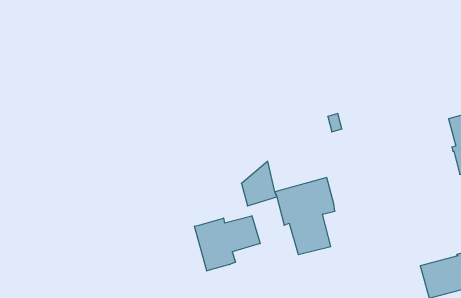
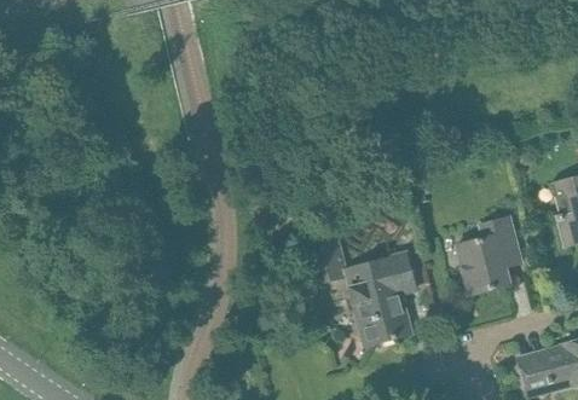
building: none -> [456,218,521,295]
building: [195,216,260,271] -> none

